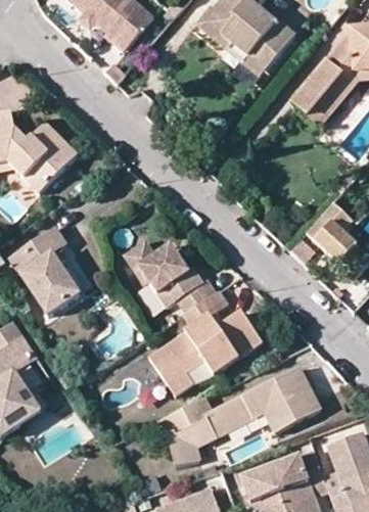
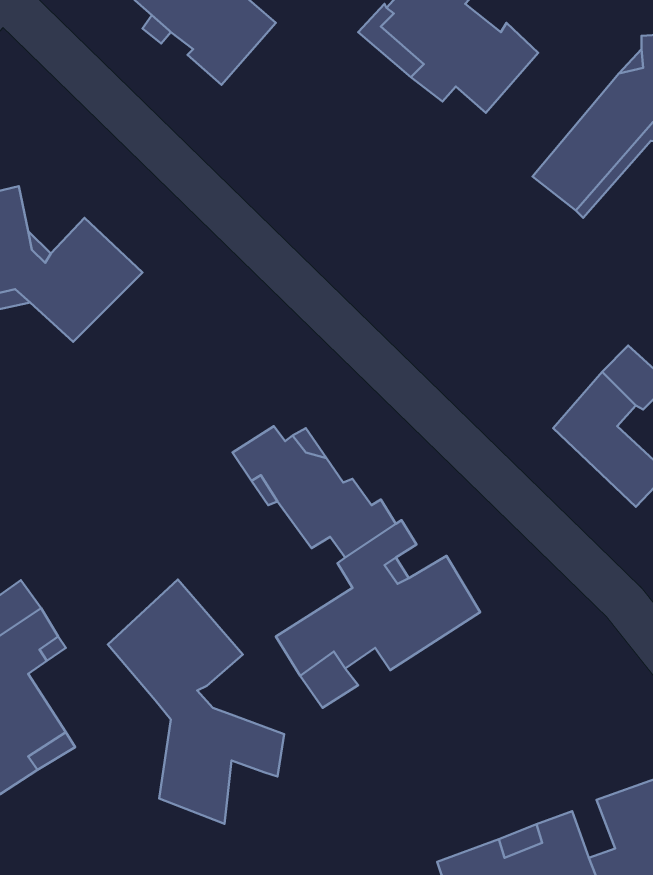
building: [14,225,84,313] -> none
building: none -> [108,579,284,824]
building: [162,363,321,463] -> none

